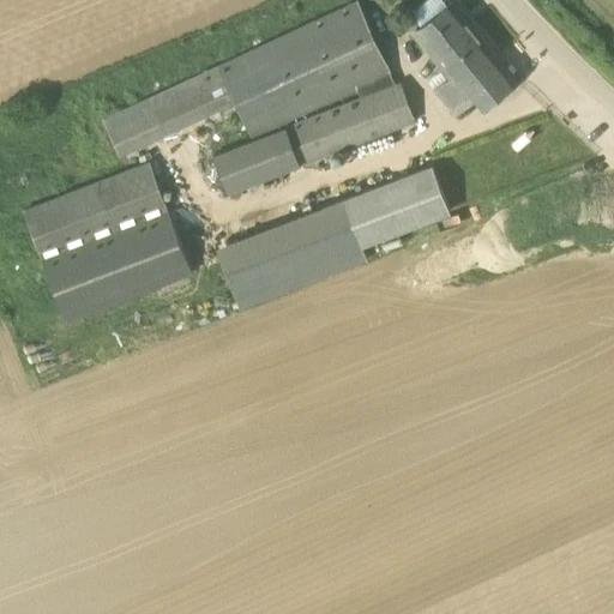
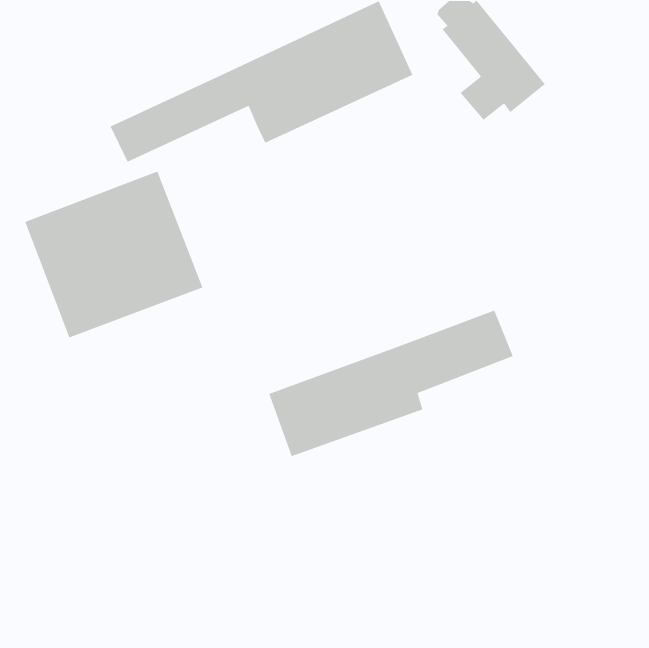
building: [210,84,415,195] -> none
building: [218,168,450,307] -> [268,309,514,457]

